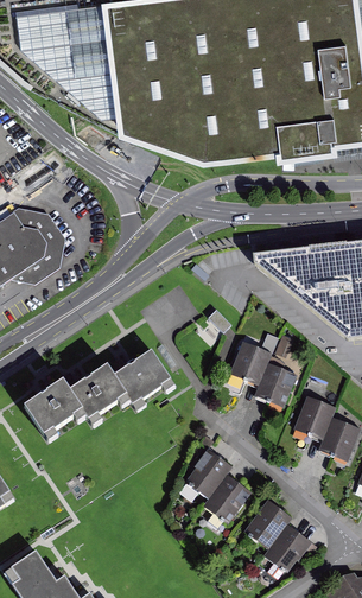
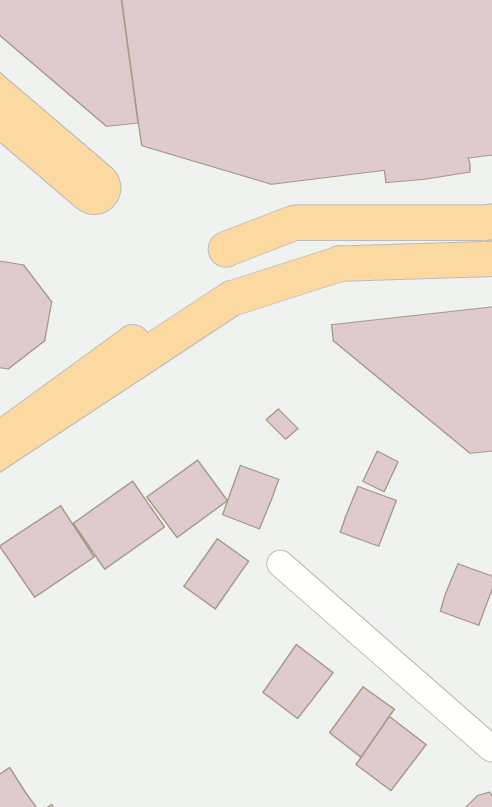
building: [233,341,271,383] -> [223,465,279,529]
building: [300,393,338,435] -> none
building: [184,450,228,497] -> [184,539,249,609]

